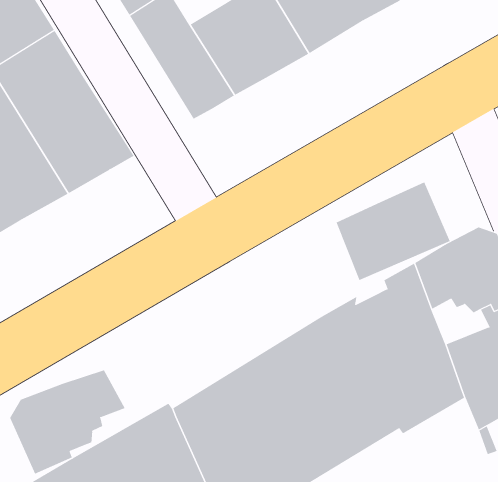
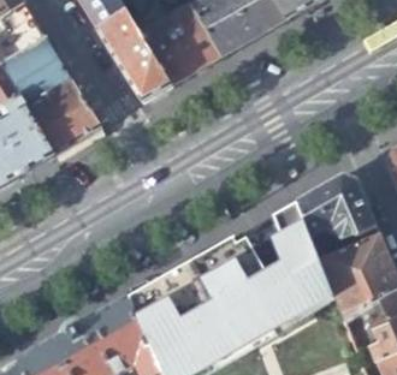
building: [336,181,450,281] -> none
building: [9,369,125,474] -> none

